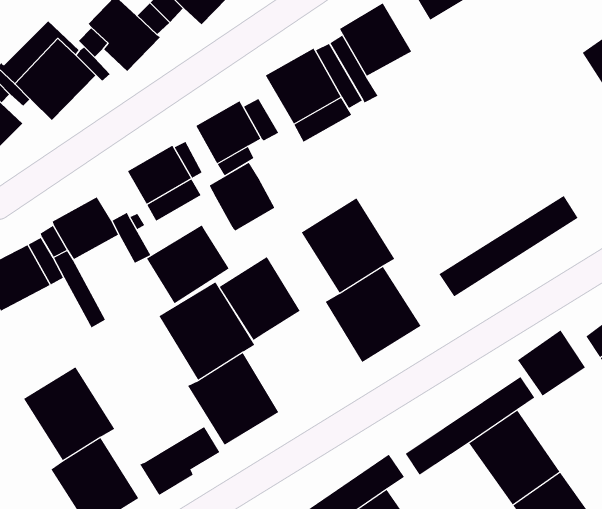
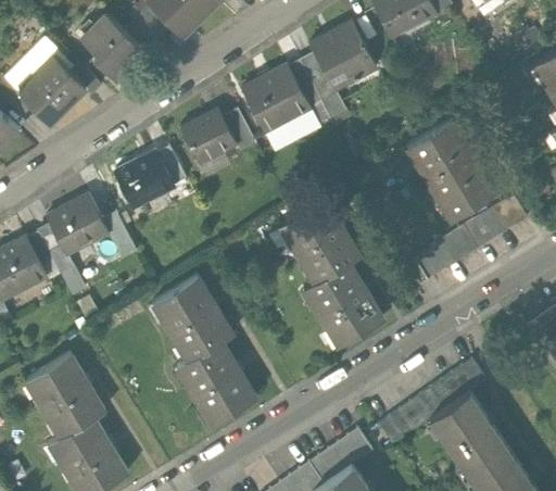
building: none -> [399,118,492,219]
building: [209,162,275,231] -> none
building: [146,224,230,304] -> none
building: [219,256,300,341] -> none
building: [517,330,586,397] -> none
building: [139,426,220,496] -> none

